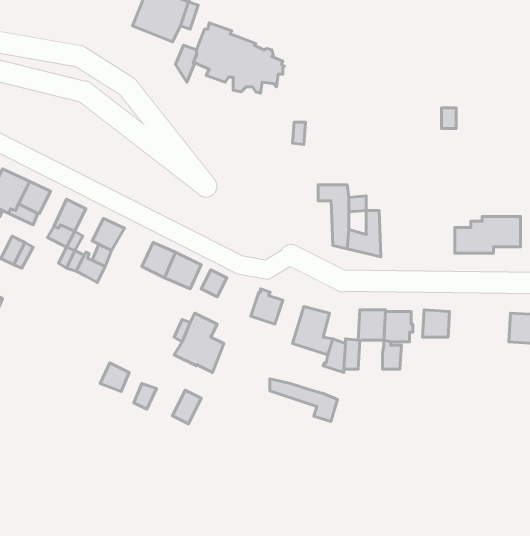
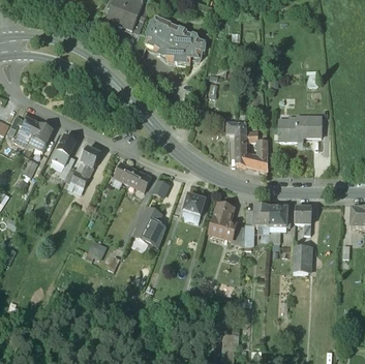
building: [455,216,521,253] -> [279,117,322,141]
building: none -> [293,244,310,271]
building: [270,379,338,421] -> none

